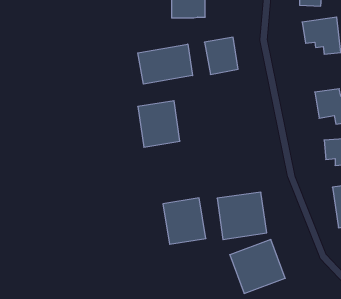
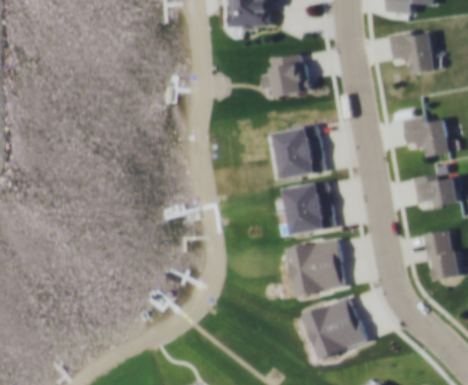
building: [138,44,193,84] -> none
building: [138,101,180,147] -> [274,124,324,179]
building: [163,198,206,244] -> [284,179,335,235]

